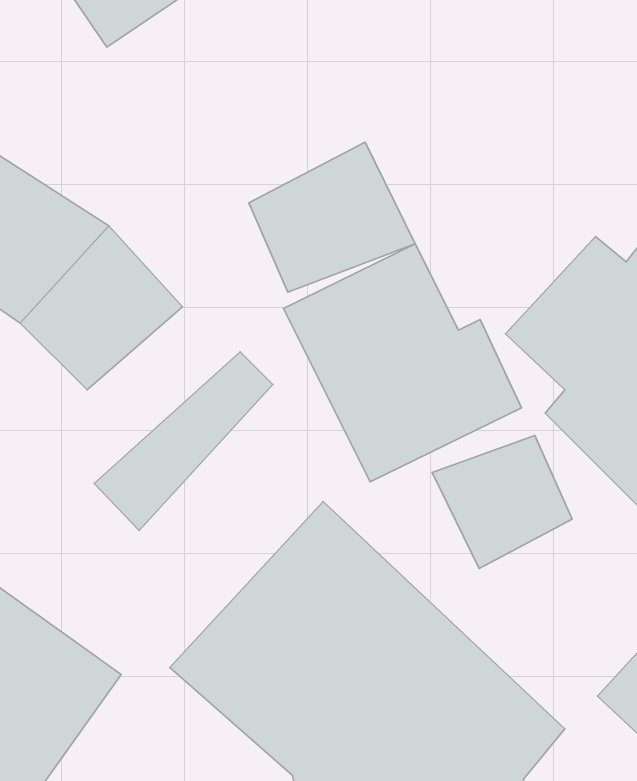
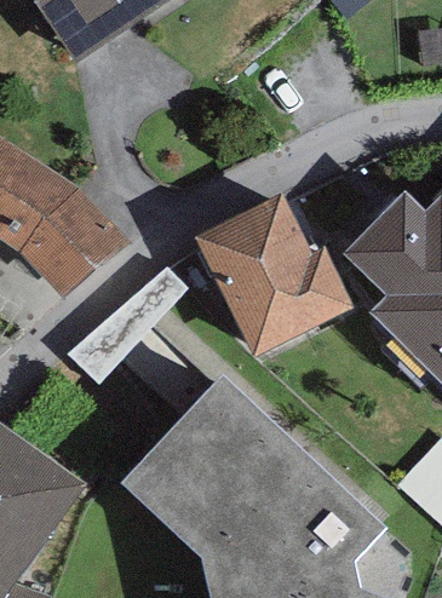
building: [249,142,415,292] -> none
building: [432,435,572,568] -> none

